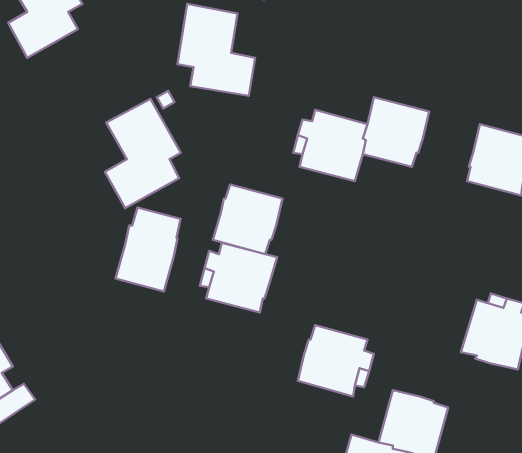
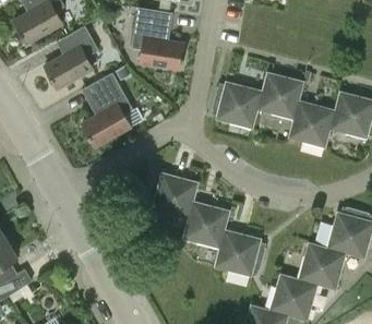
building: none -> [45,26,99,89]
building: none -> [288,100,335,148]
building: [213,184,283,254] -> [182,201,230,249]
building: [115,207,180,292] -> none
building: none -> [298,242,346,291]

